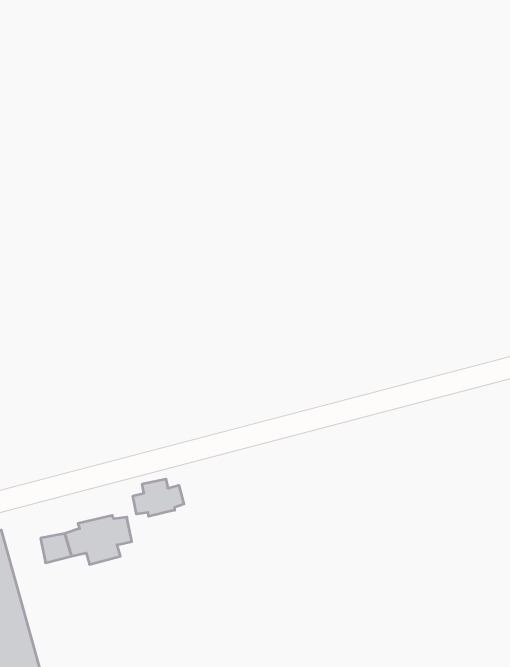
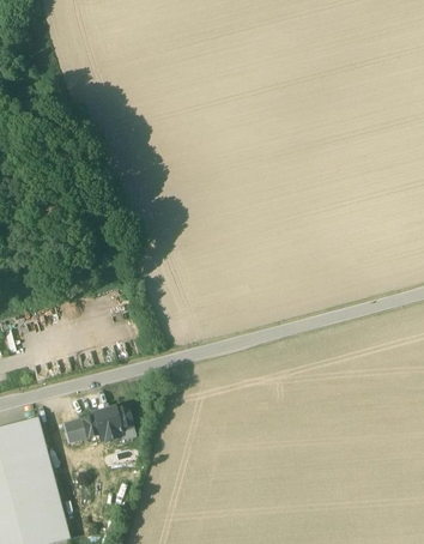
building: [133,479,184,516] -> none

